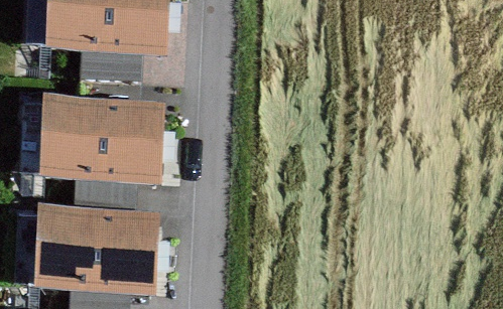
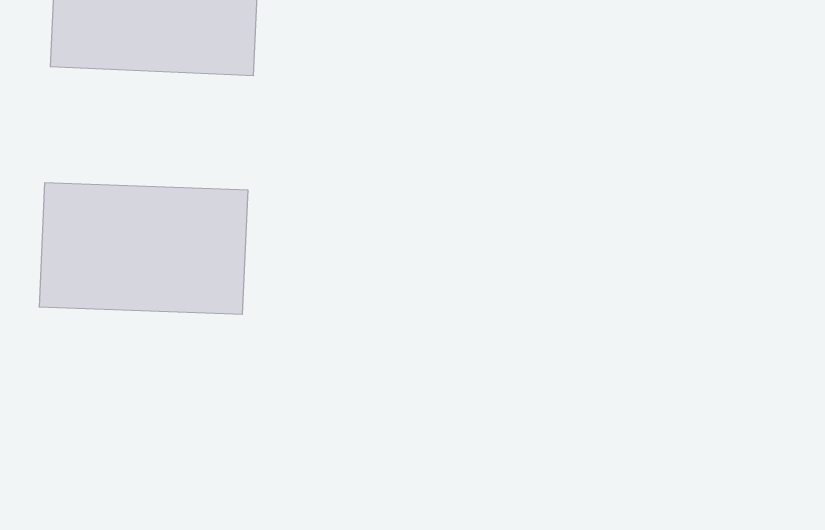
building: [37,218,151,291] -> none

